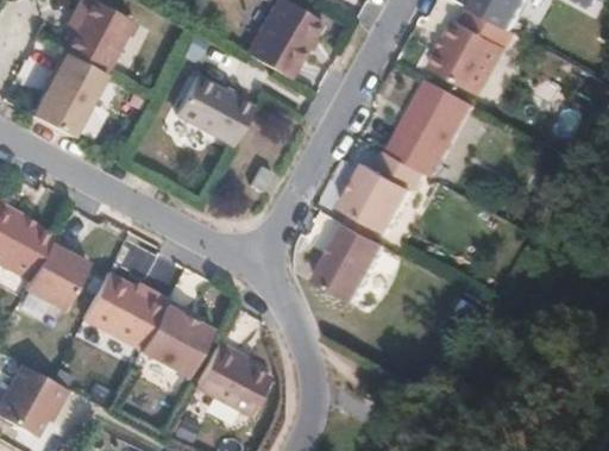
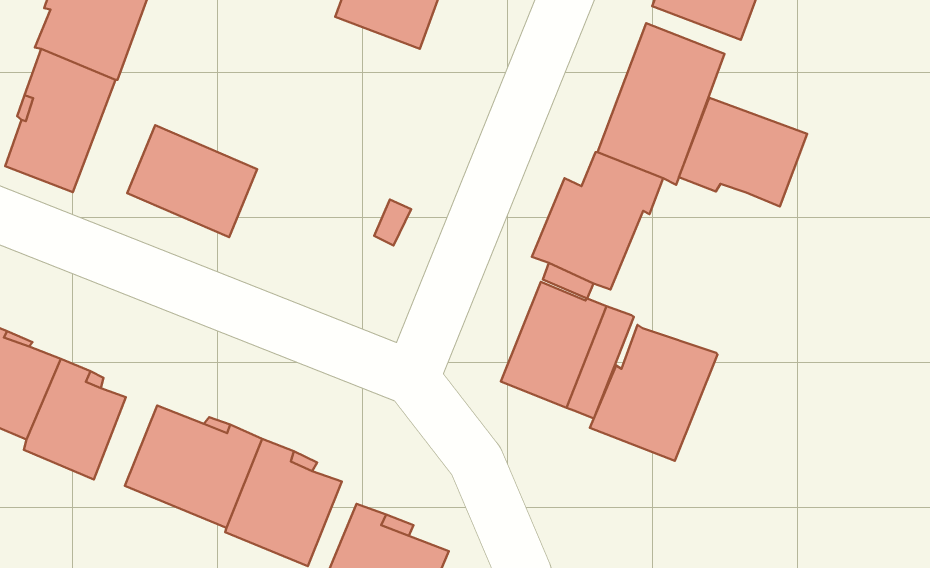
building: [176,73,255,144] -> [127,125,257,237]
building: none -> [679,98,807,206]
building: none -> [590,325,717,461]

